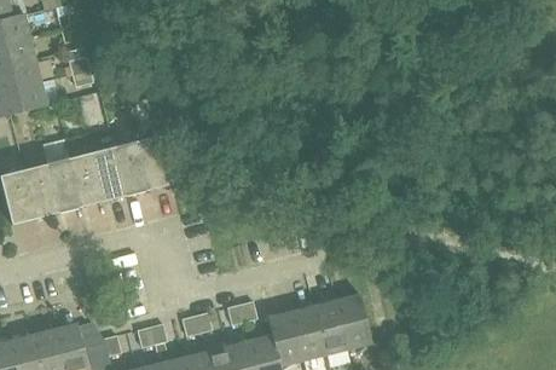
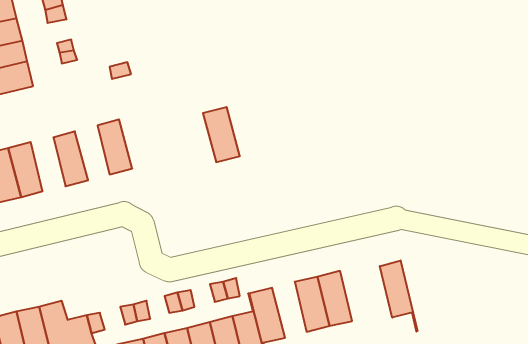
building: [135,134,173,190] -> [203,107,240,162]
building: [91,146,126,202] -> none
building: [46,158,81,213] -> none
building: none -> [380,260,417,332]
building: [290,305,325,362] -> none

